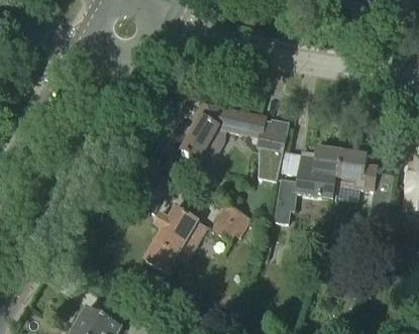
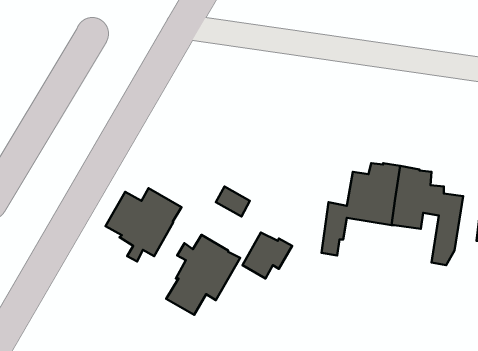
building: [182,104,289,181] -> none
building: none -> [105,188,182,261]

